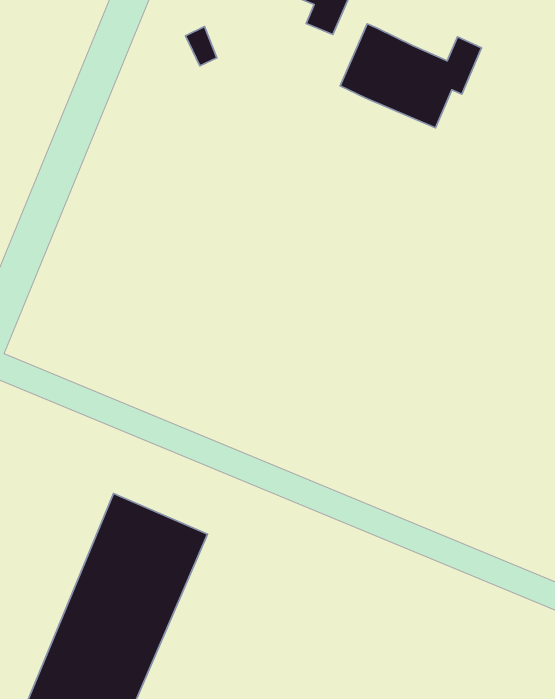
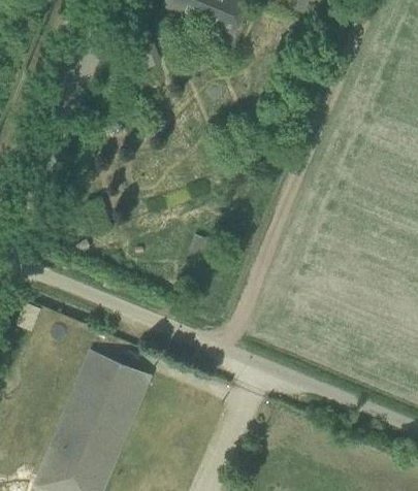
building: [340,24,482,128] -> none

